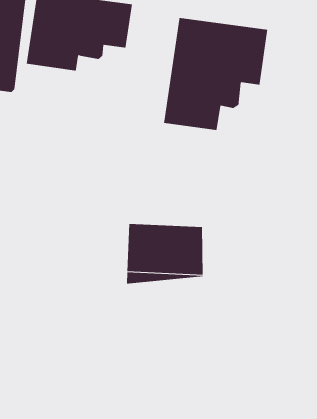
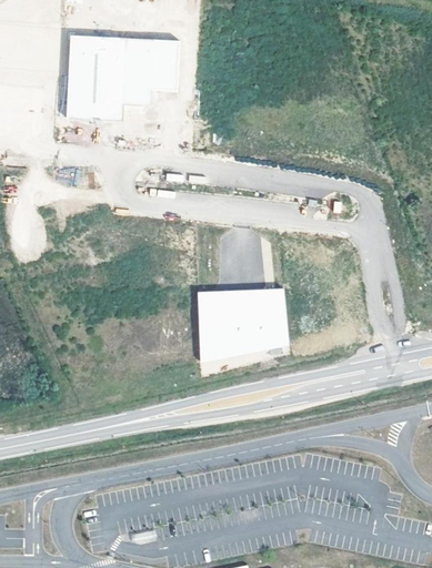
building: [163,17,268,131] -> none

